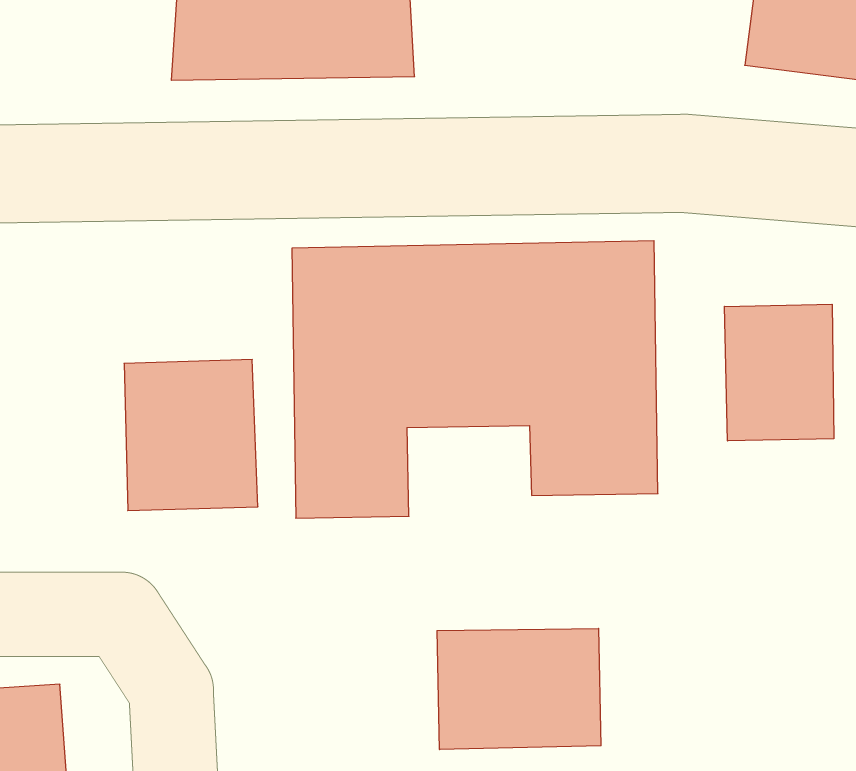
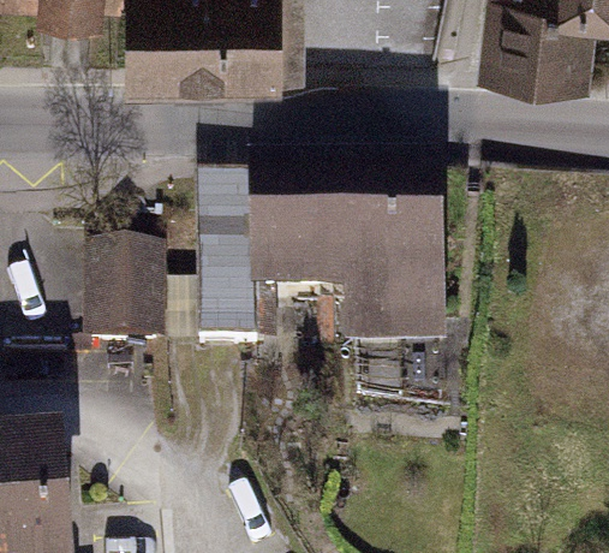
building: [724,304,834,441] -> none
building: [437,628,601,750] -> none

